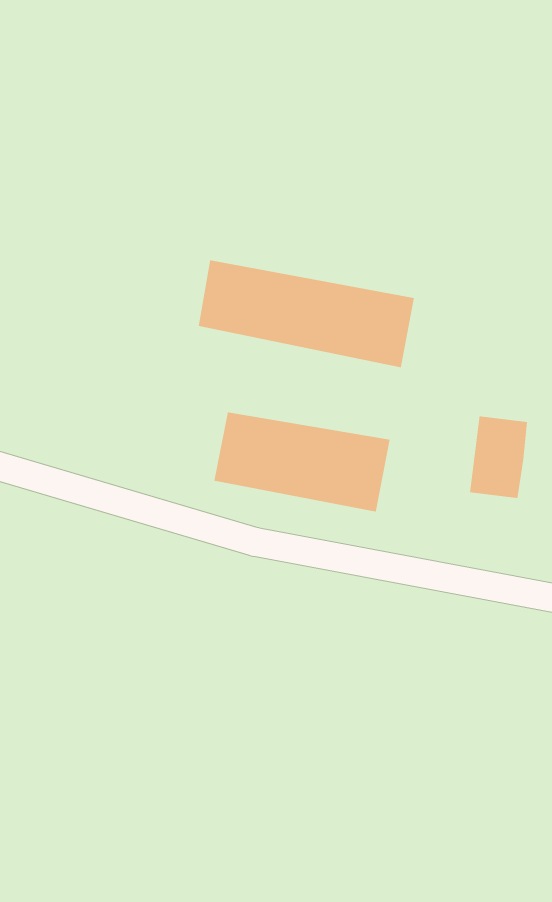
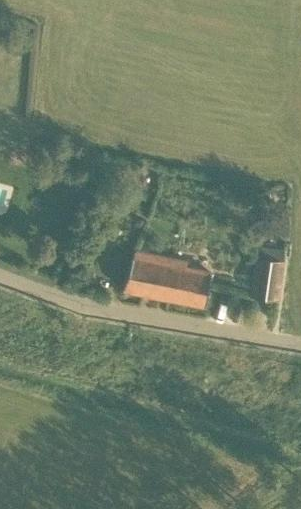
building: [198,259,414,368] -> none

